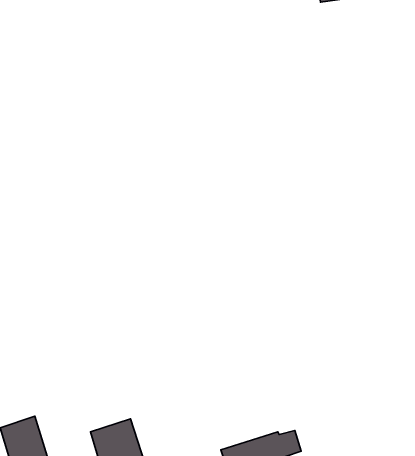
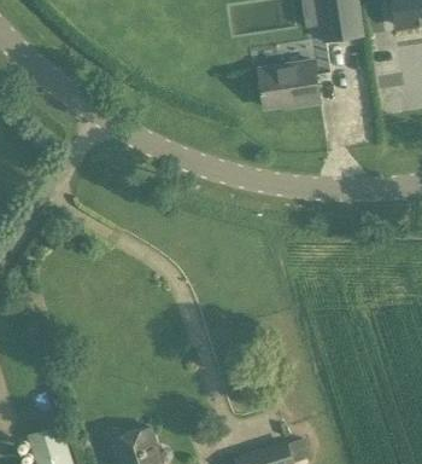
building: none -> [258,62,320,108]

